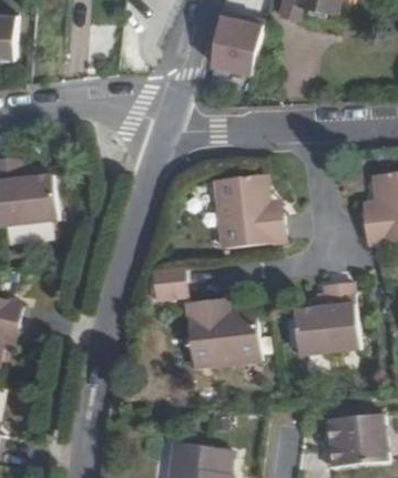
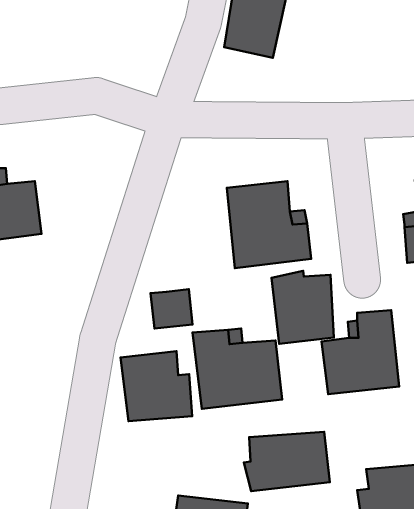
building: none -> [272,271,334,344]
building: none -> [120,351,192,421]
building: none -> [244,432,330,491]

